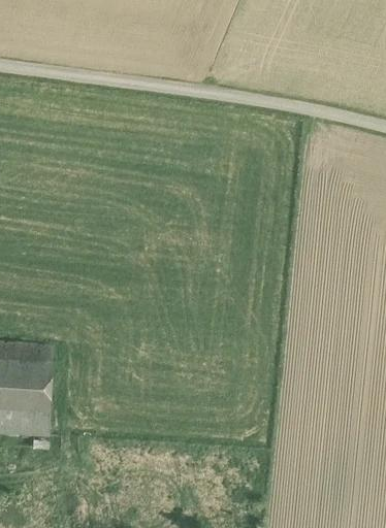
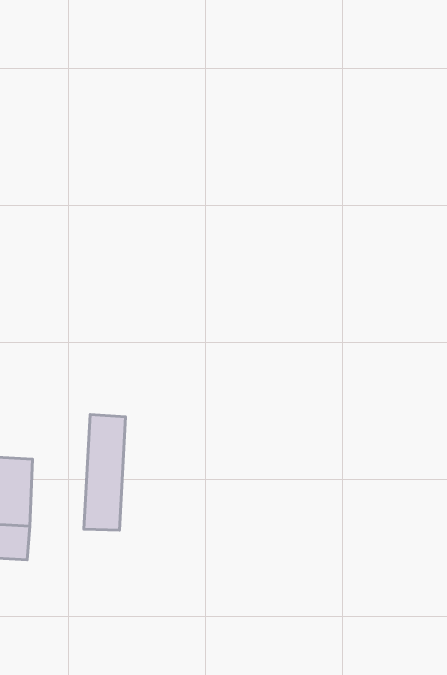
building: none -> [84,414,126,530]

